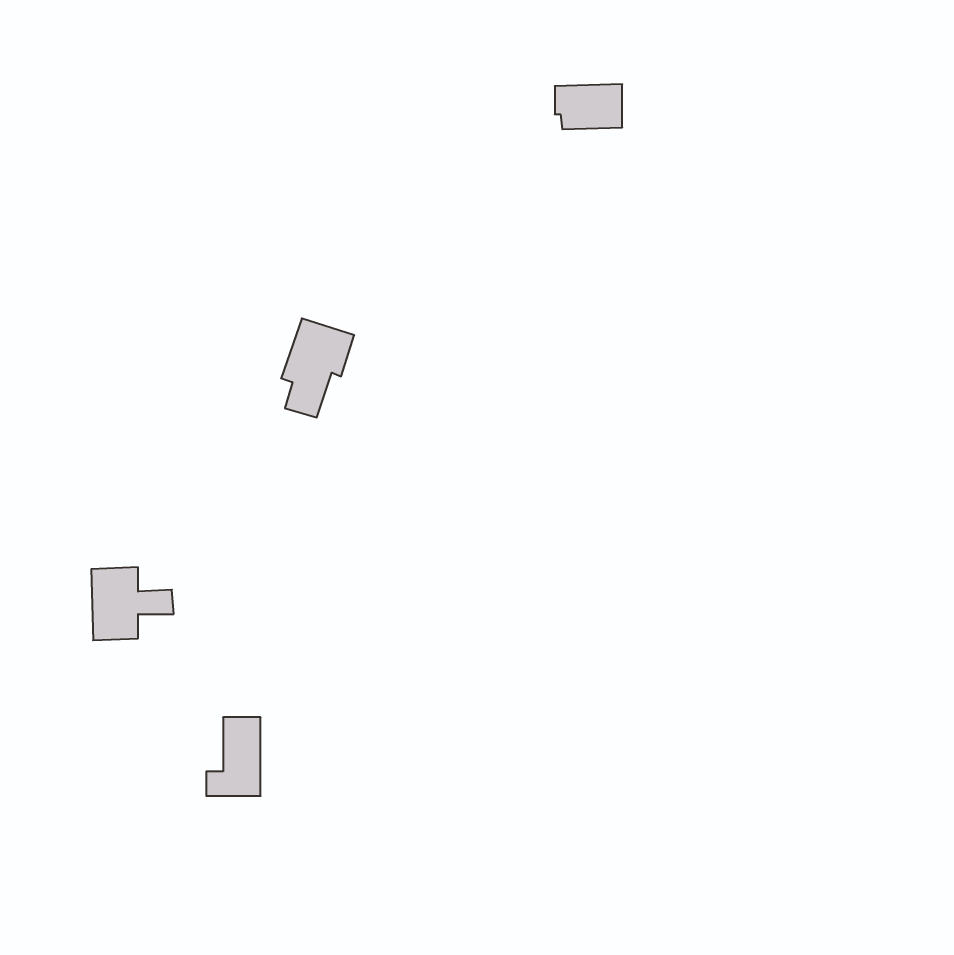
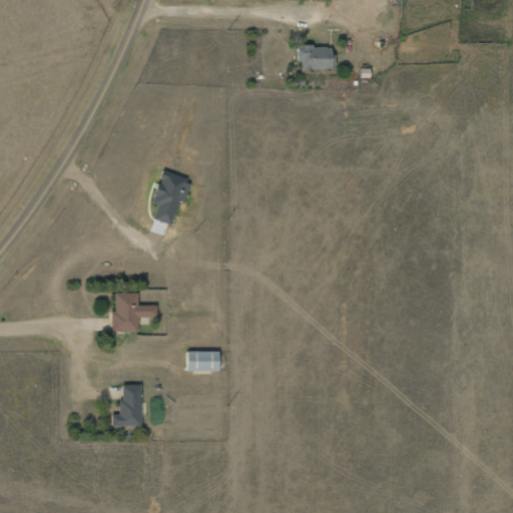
building: [91,567,174,640] -> [113,293,157,332]
building: none -> [186,351,219,373]

